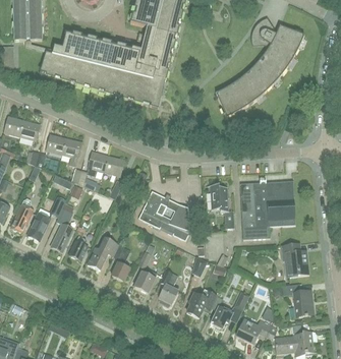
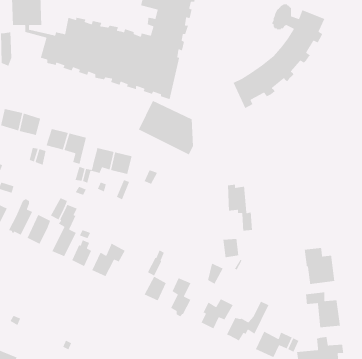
building: [240,180,295,239] -> none
building: [138,190,189,241] -> [138,100,194,155]
building: [111,245,130,281] -> none

